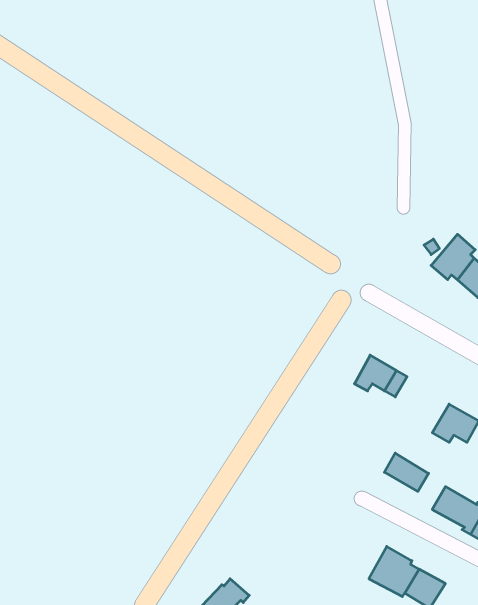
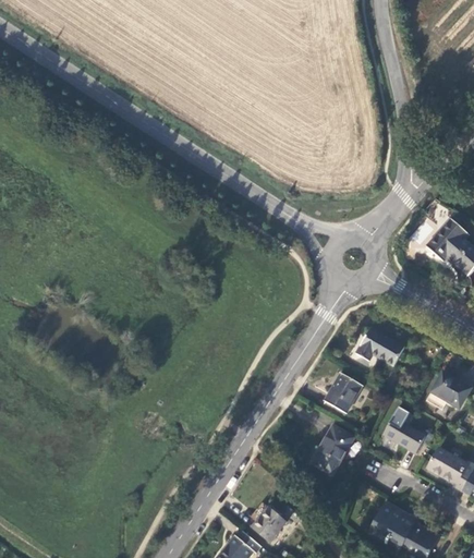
building: none -> [324,373,361,413]
building: none -> [311,424,353,475]
building: none -> [252,507,287,542]

